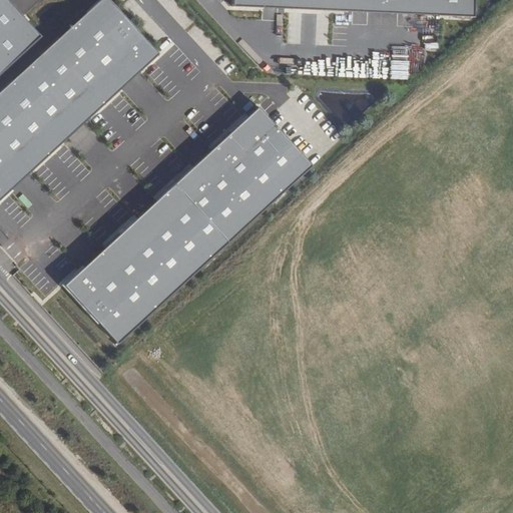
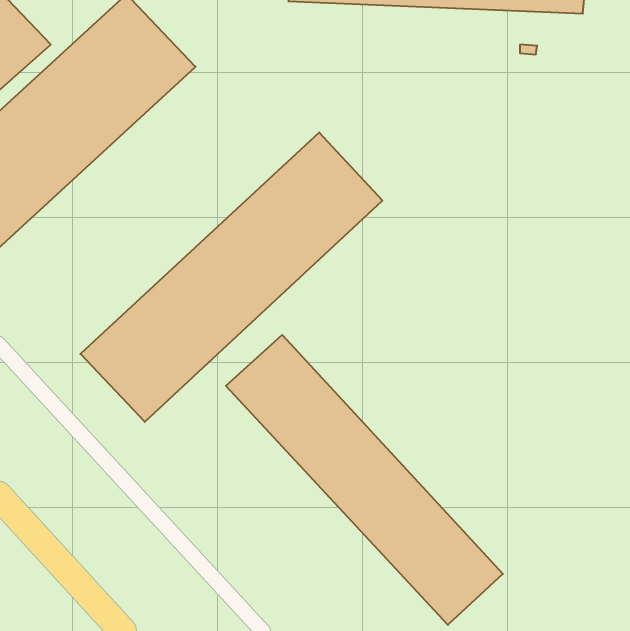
building: none -> [226,335,503,625]

